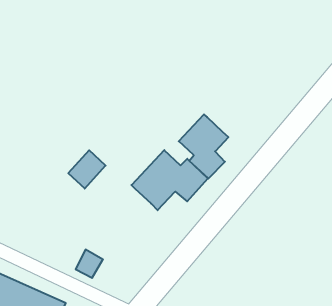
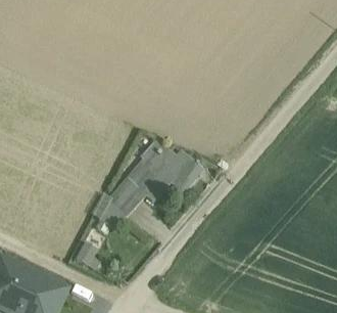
building: [179,114,228,179] -> none
building: [68,150,106,189] -> [111,177,146,213]

